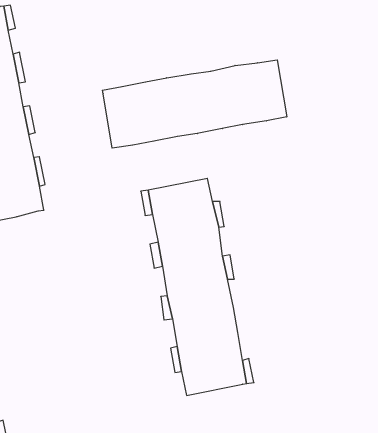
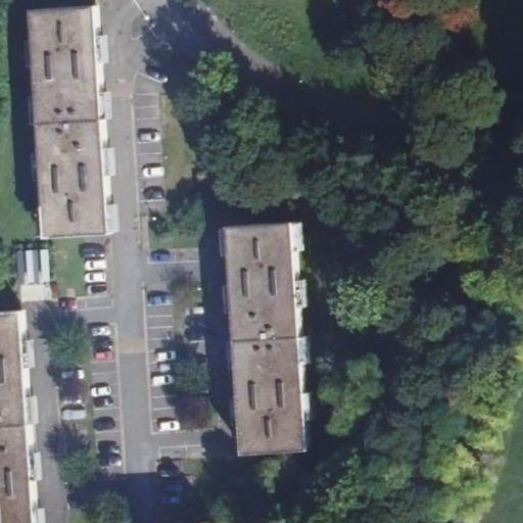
building: [102,60,287,148] -> none

